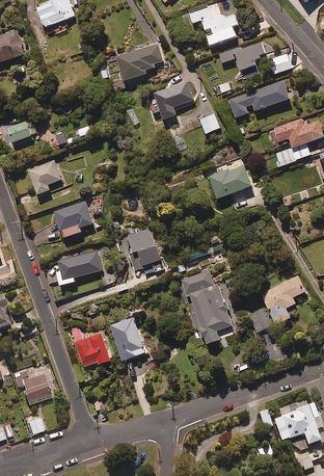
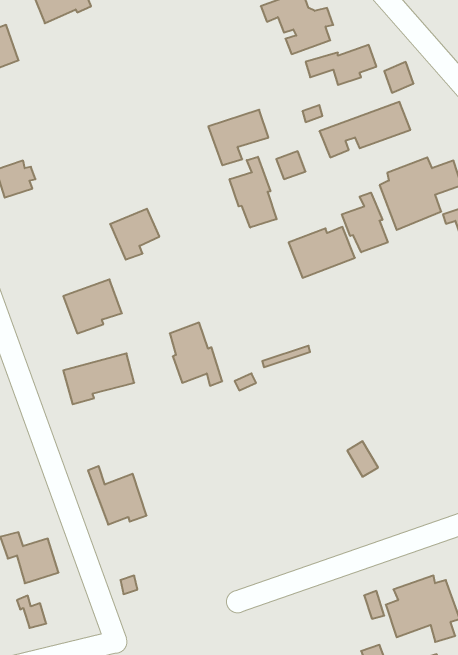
building: [115,44,162,79] -> none
building: none -> [230,157,277,228]
building: none -> [342,193,388,252]
building: [29,159,62,193] -> [110,209,159,260]
building: [180,270,231,344] -> none
building: [260,274,304,323] -> none
building: [111,316,146,359] -> none

